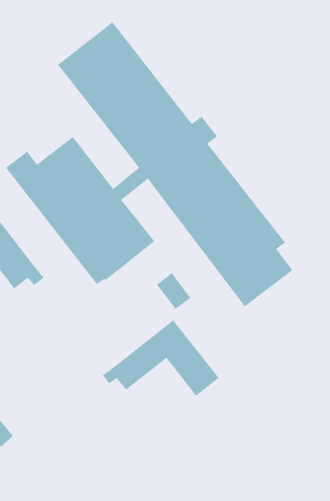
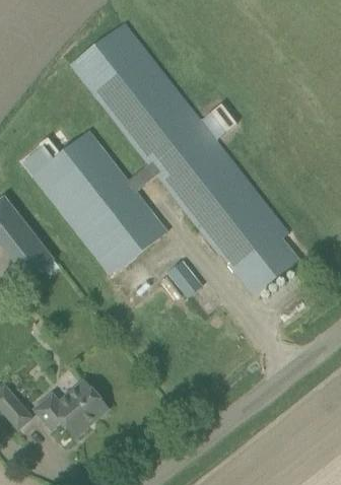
building: [102,319,219,397] -> none
building: none -> [35,379,108,436]

